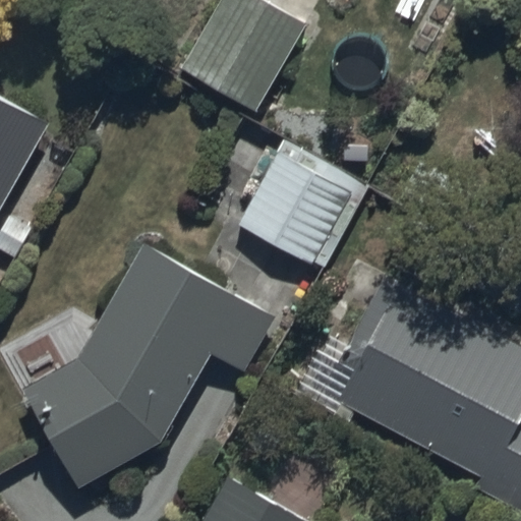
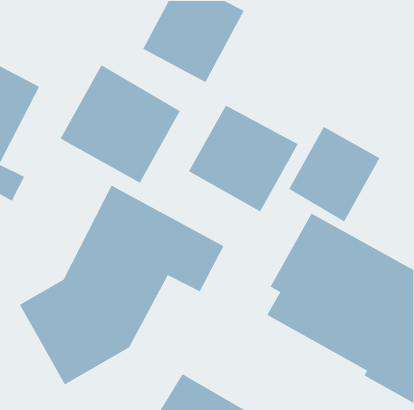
building: none -> [60,64,181,184]
building: none -> [288,126,381,222]

